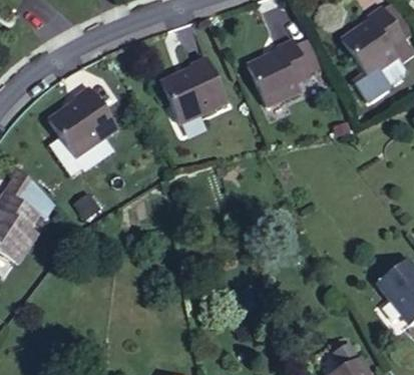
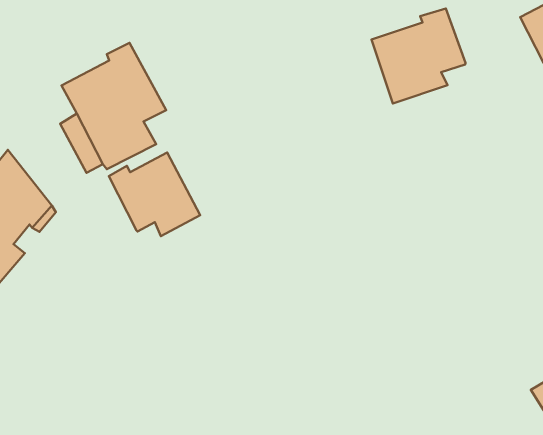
building: [159,55,227,123] -> none
building: none -> [109,152,200,236]

